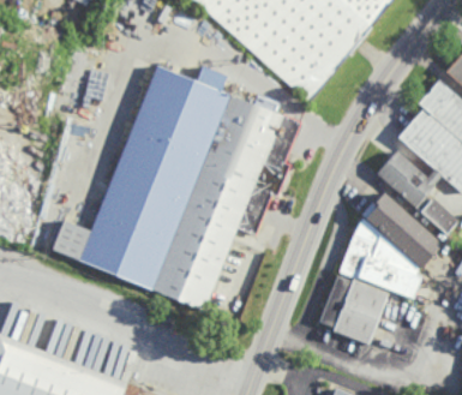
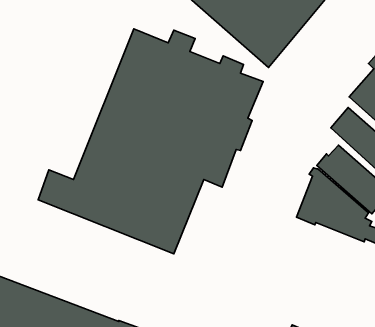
building: [318,275,396,346] -> none

